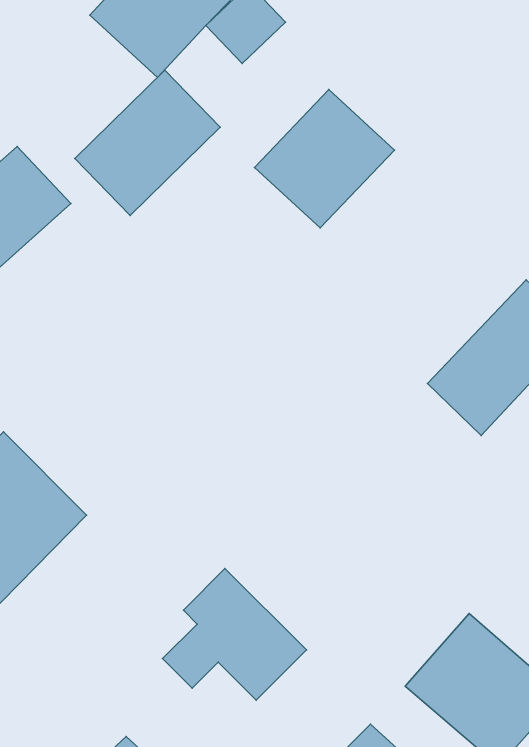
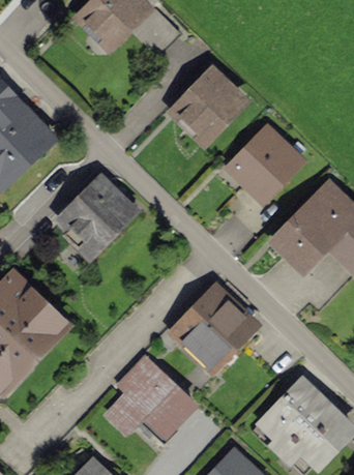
building: [75,70,220,215] -> [57,172,144,259]
building: none -> [228,125,302,200]
building: none -> [170,287,260,377]

